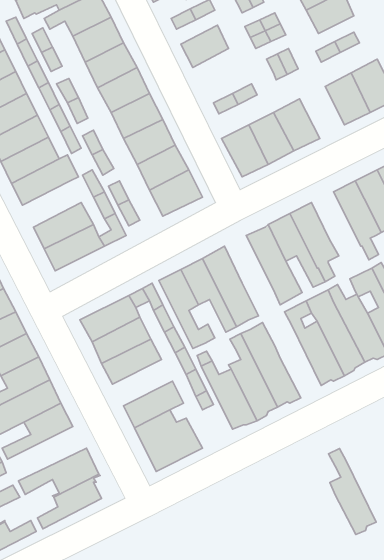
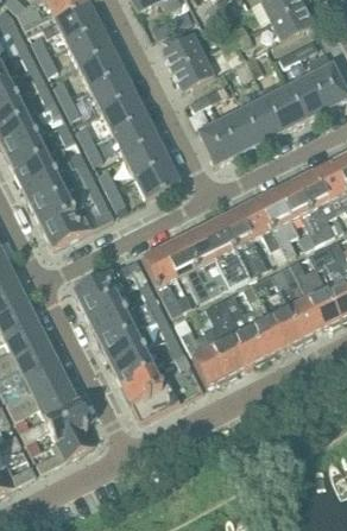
building: none -> [171,52,213,89]
building: none -> [264,86,303,131]
building: none -> [23,167,74,208]
building: none -> [275,177,324,241]
building: none -> [198,215,247,285]
building: none -> [101,323,153,364]
building: none -> [10,381,78,418]
building: [329,448,376,534] -> [241,282,283,356]

